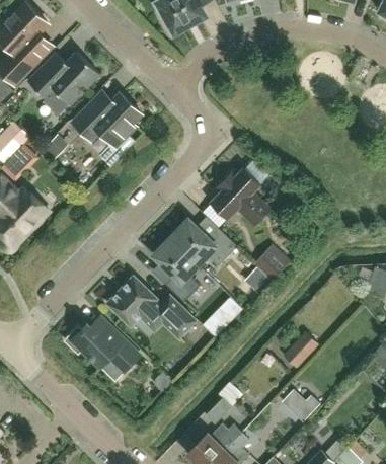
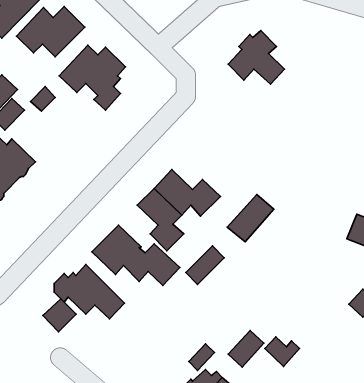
building: [210,168,267,223] -> [228,31,284,84]
building: [282,331,318,369] -> [228,330,264,367]
building: none -> [43,299,76,332]

